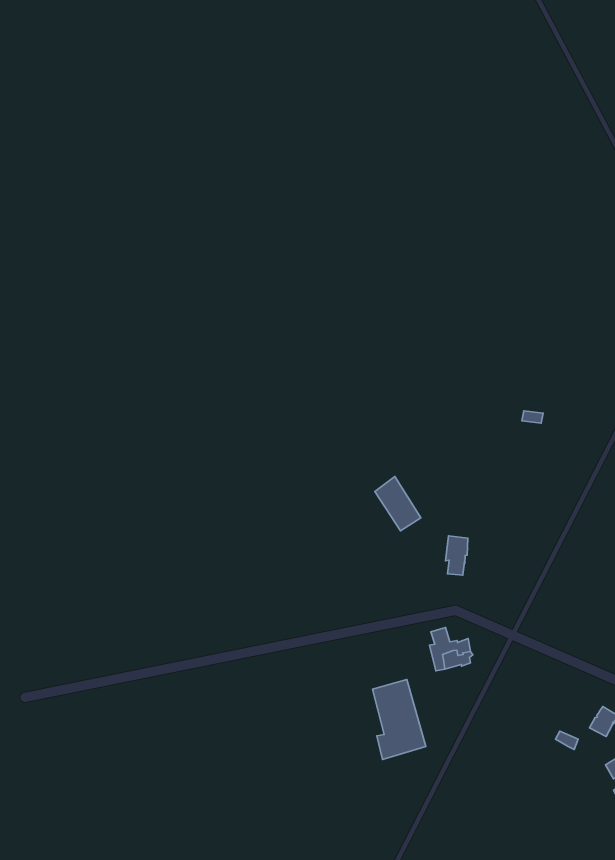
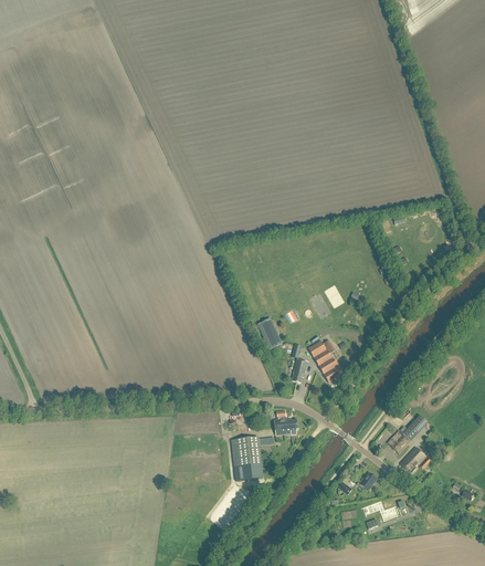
building: none -> [307,339,341,381]

